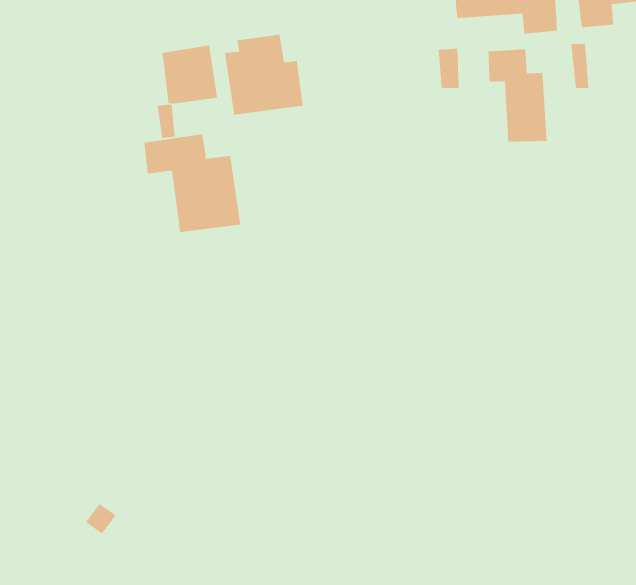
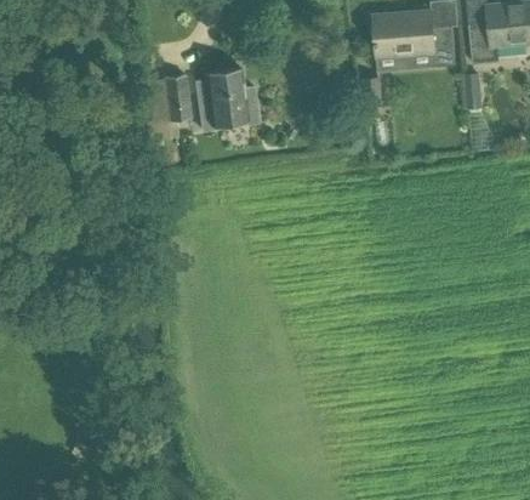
building: [488,48,547,143] -> none
building: [144,134,241,233] -> none

